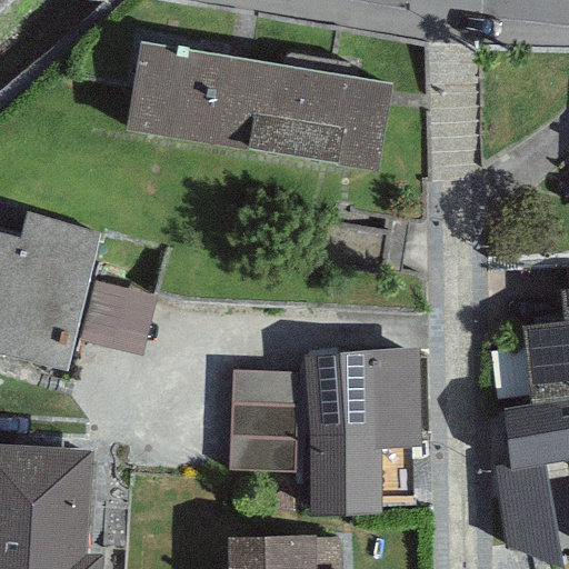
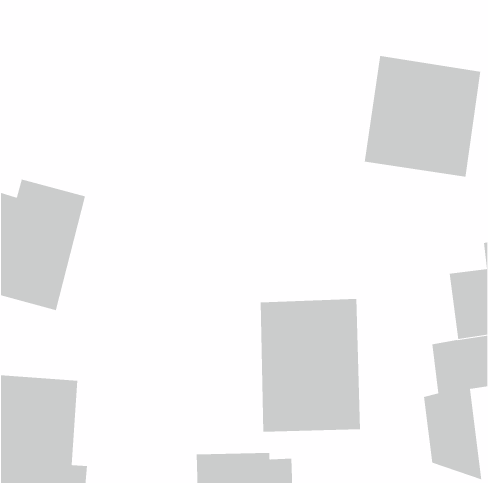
building: [123,41,390,169] -> none
building: none -> [364,55,481,177]
building: [238,371,302,477] -> none

